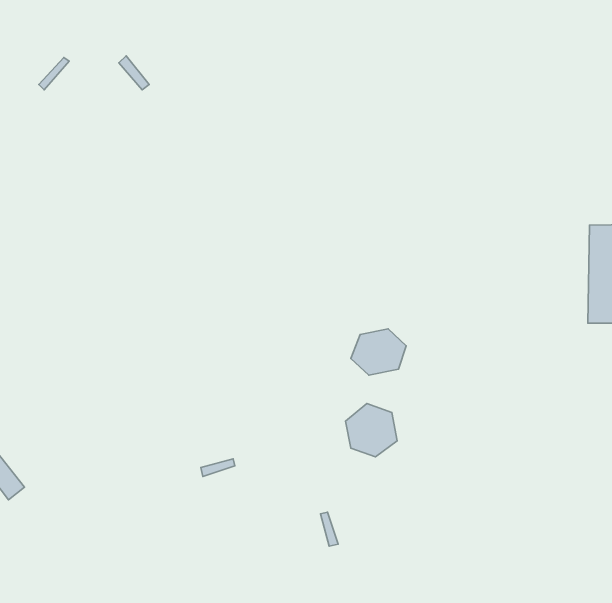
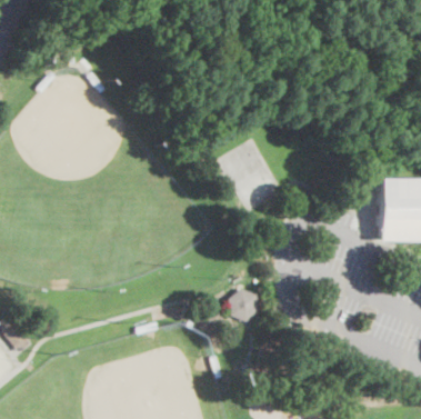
building: [351,329,406,375] -> none

